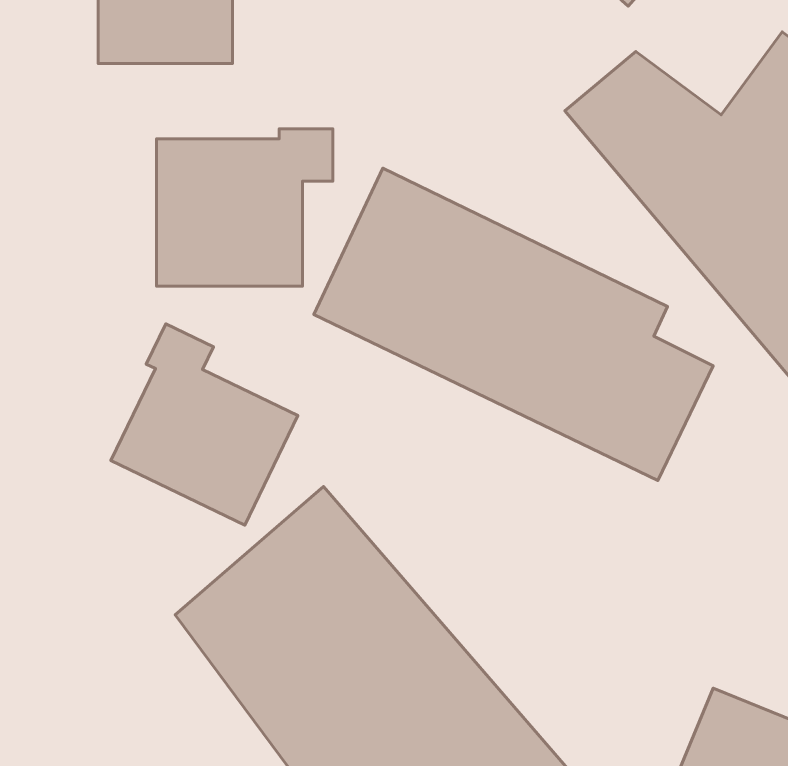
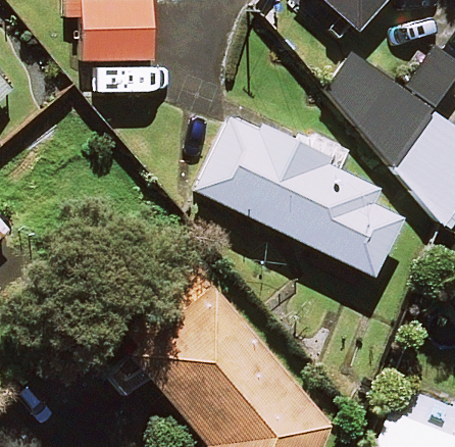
building: [157,129,333,286] -> none
building: [111,324,298,525] -> none

